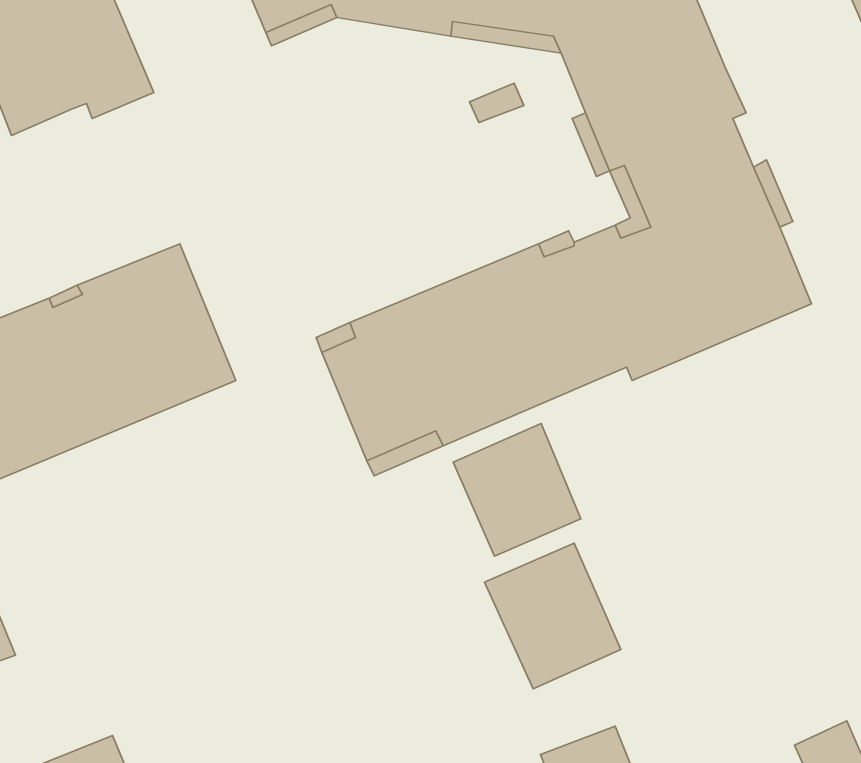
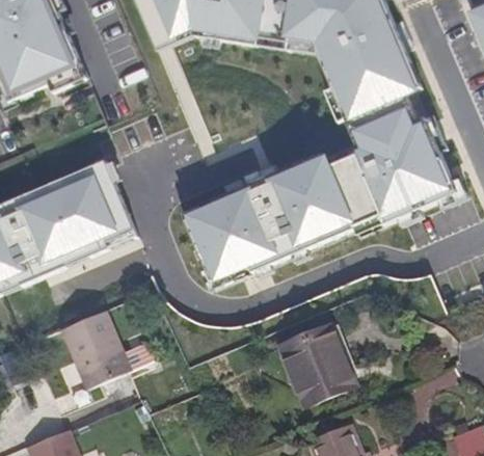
building: [453,424,581,556] -> none
building: none -> [61,309,130,387]

